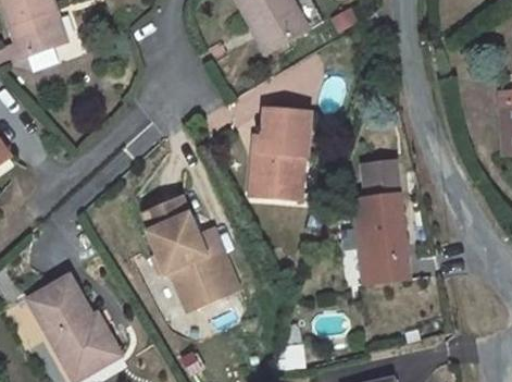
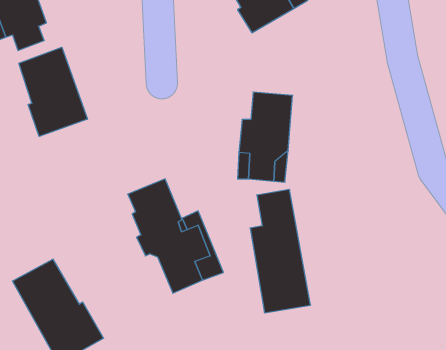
building: none -> [19,47,87,136]
building: [349,168,409,289] -> [250,190,311,313]

